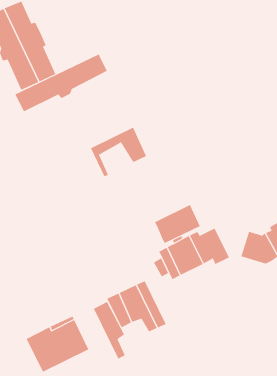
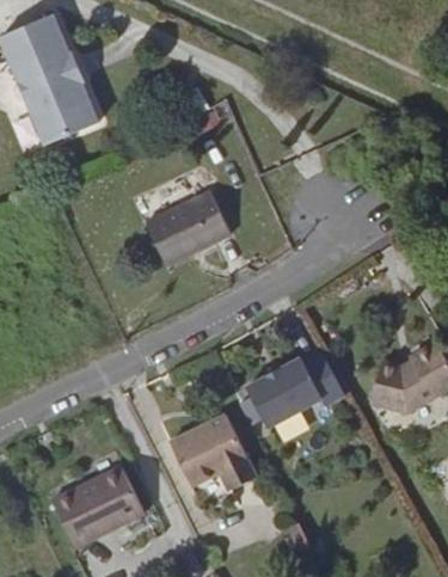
building: [15,54,108,112] -> none
building: none -> [162,221,210,268]
building: [155,204,201,244] -> none
building: [93,301,125,360] -> none

